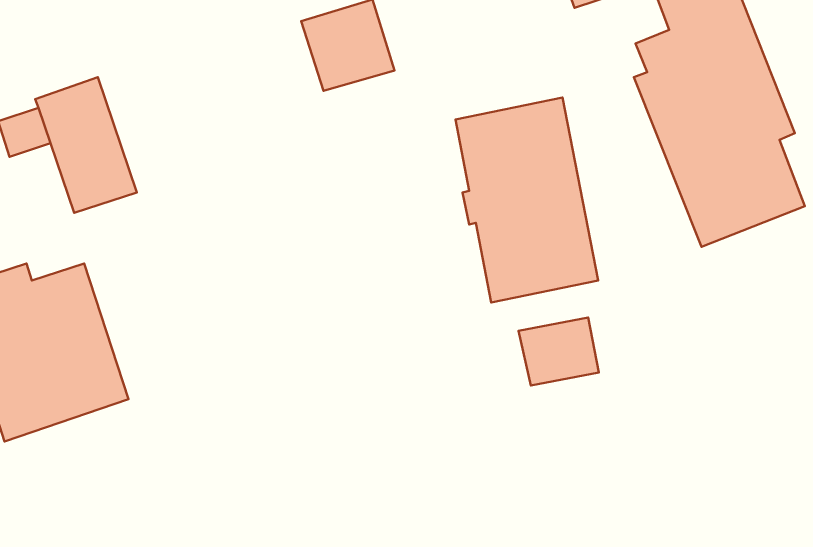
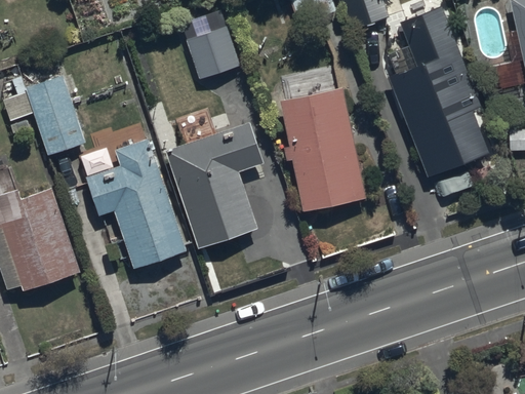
building: none -> [165,122,266,249]
building: none -> [86,140,187,269]
building: [518,317,599,386] -> none

